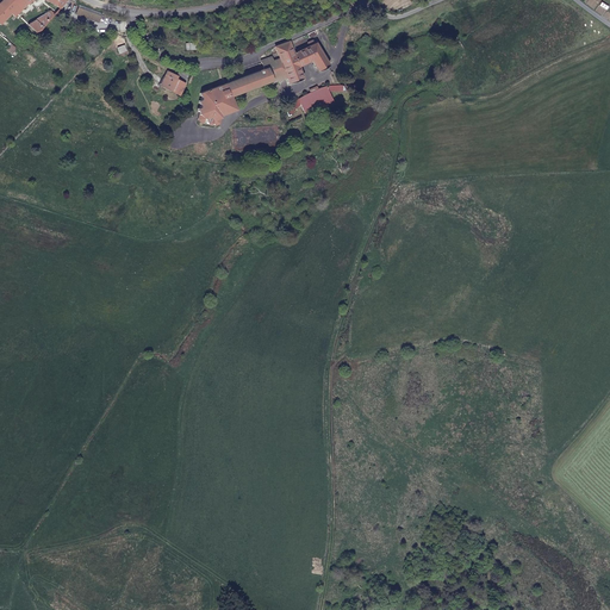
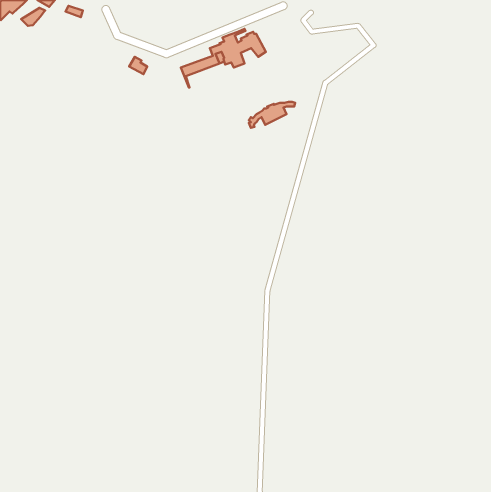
building: [198,83,235,125] -> none
building: [287,85,344,117] -> [249,102,295,128]

